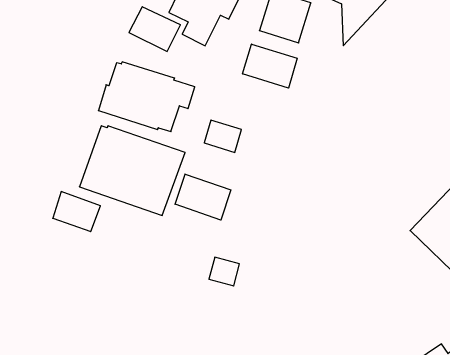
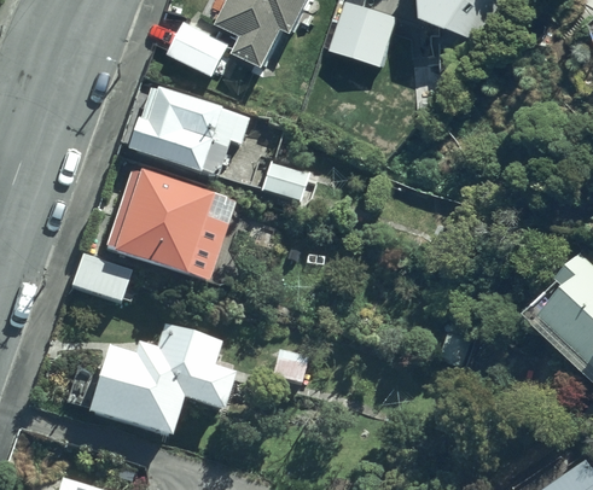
building: [243,44,297,88] -> none
building: [175,174,231,220] -> none
building: none -> [86,321,234,432]

